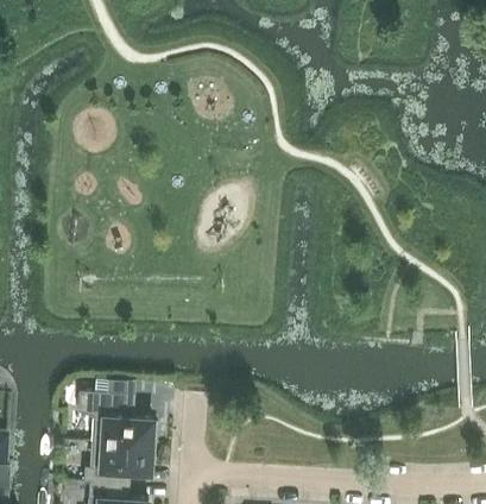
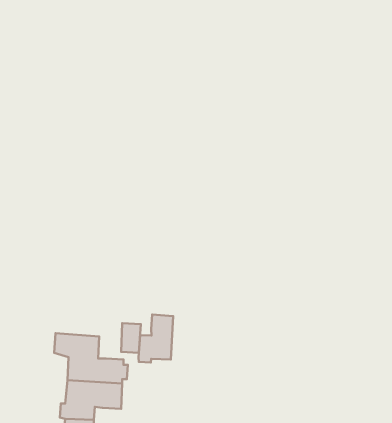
building: none -> [138,315,173,362]

